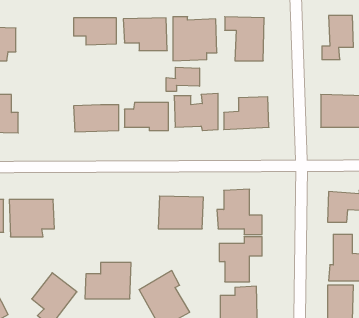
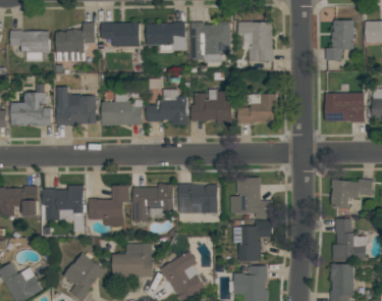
building: none -> [56,22,96,53]
building: [166,67,199,91] -> none
building: none -> [57,86,97,126]
building: none -> [89,185,129,227]
building: none -> [132,186,174,221]

